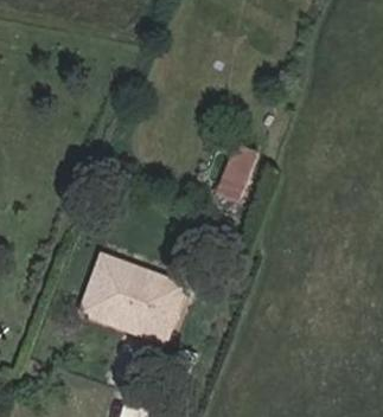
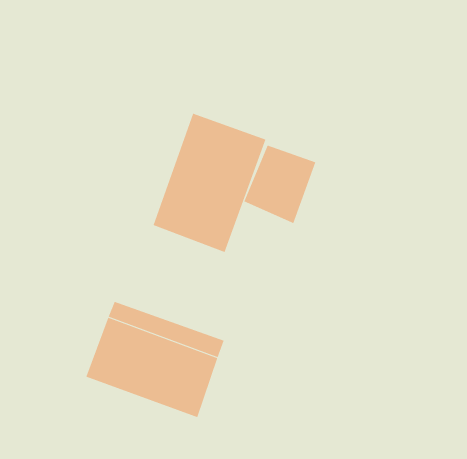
building: none -> [153,113,266,253]

